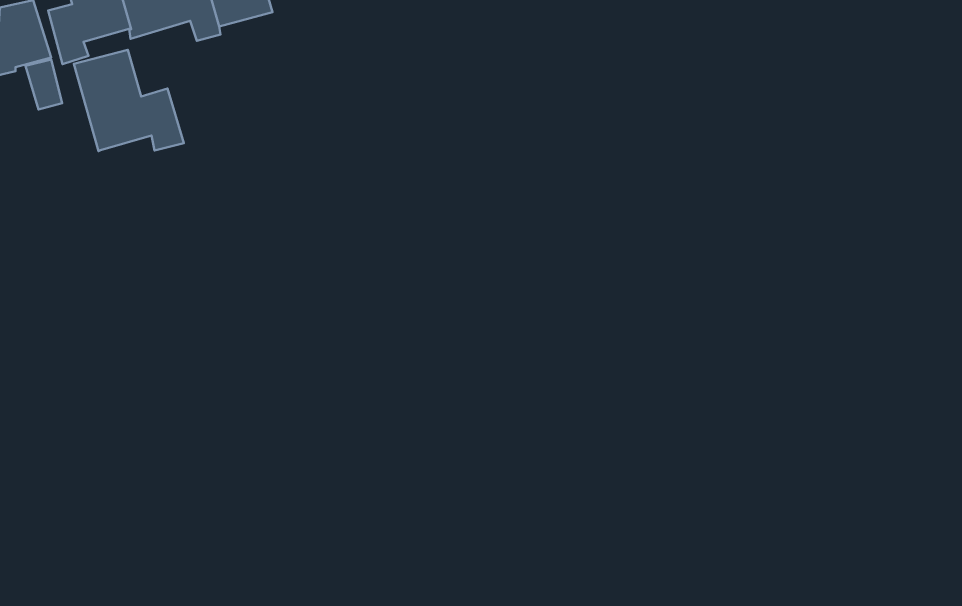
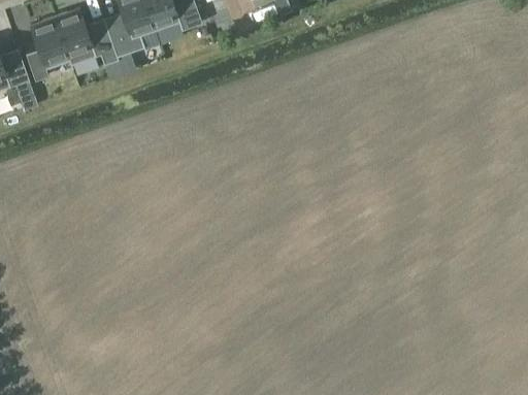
building: [74,50,184,151] -> none

